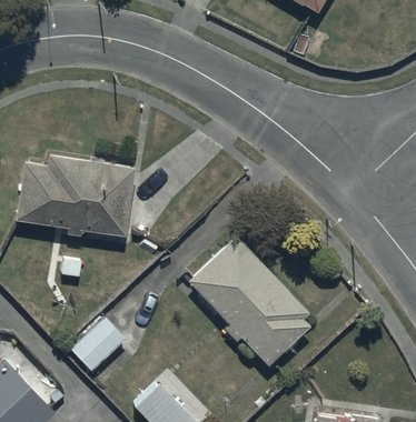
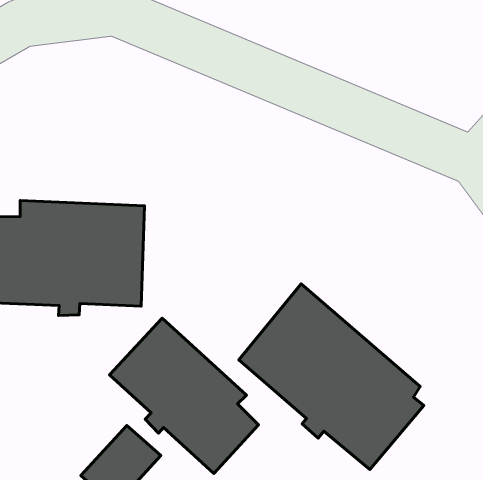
building: none -> [109,318,258,474]

